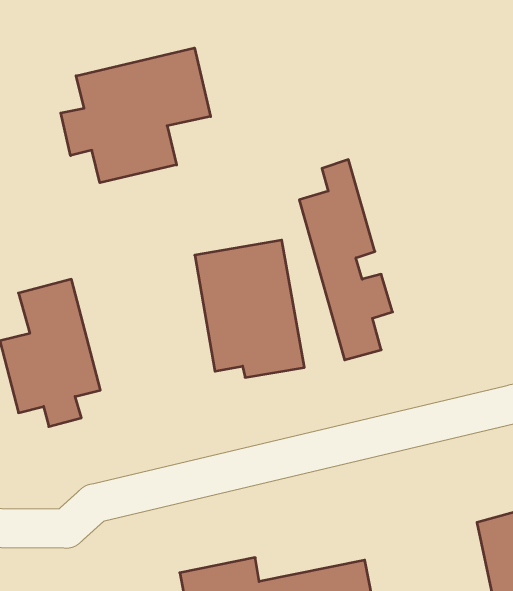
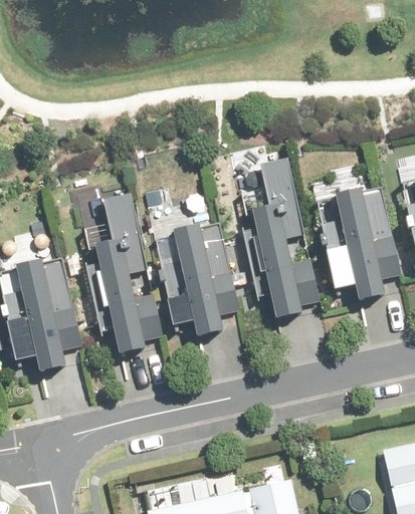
building: [61,48,211,183] -> none
building: none -> [323,185,404,302]
building: none -> [84,195,160,355]

